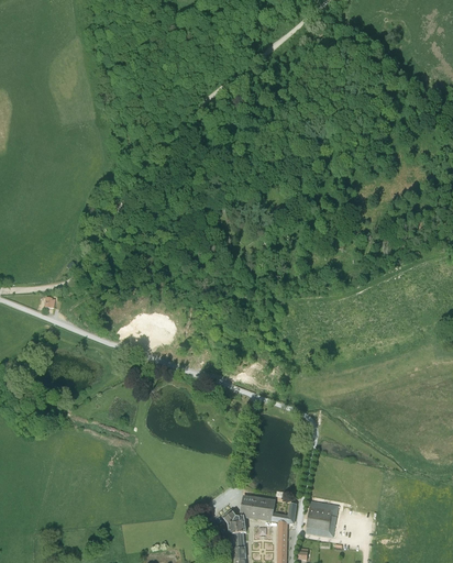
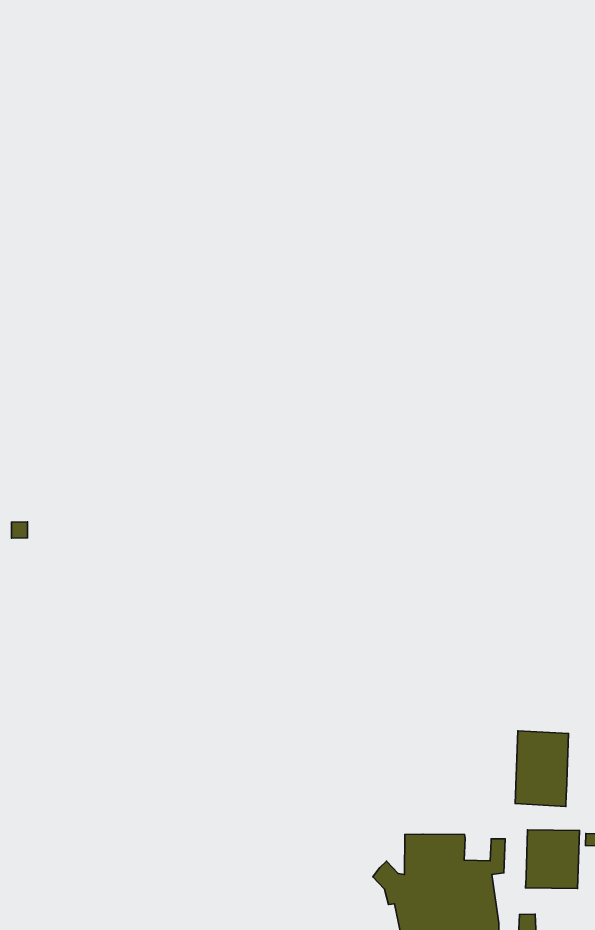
building: none -> [515,731,568,807]

